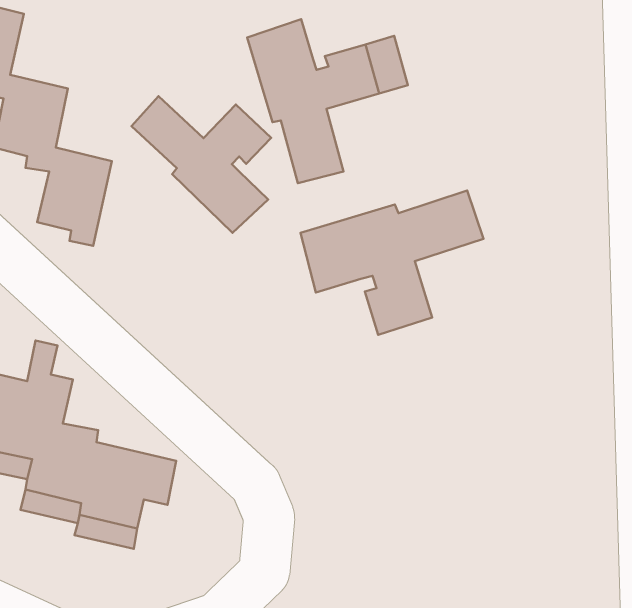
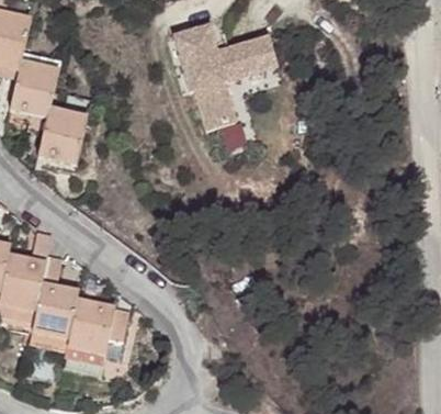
building: [131,96,271,233] -> none
building: [301,191,484,335] -> none

